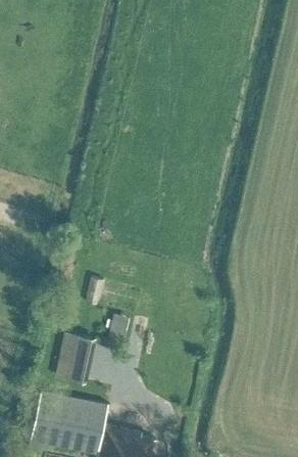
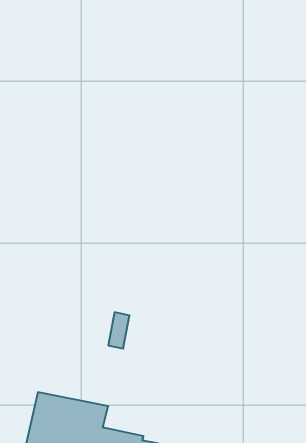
building: [54,333,91,383] -> none

